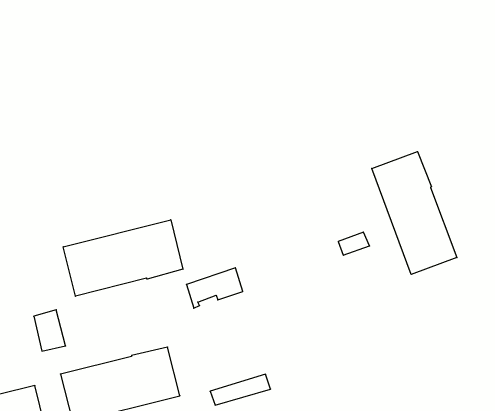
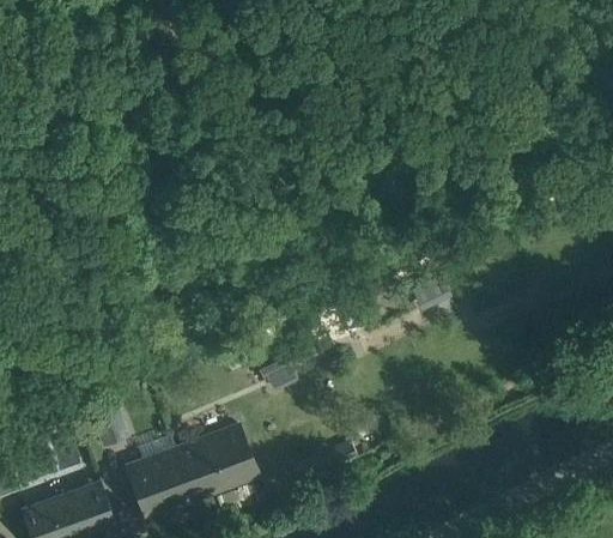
building: [372,152,457,274] -> none
building: [63,220,183,296] -> none

